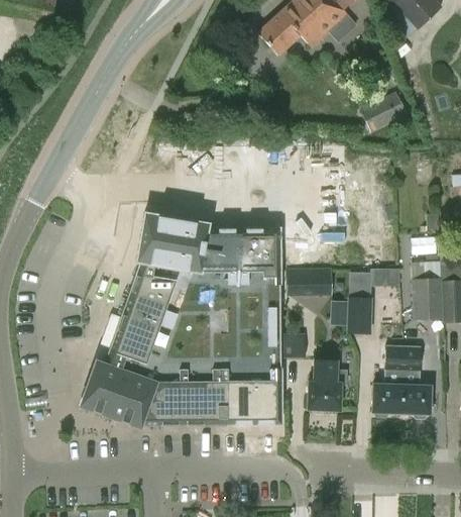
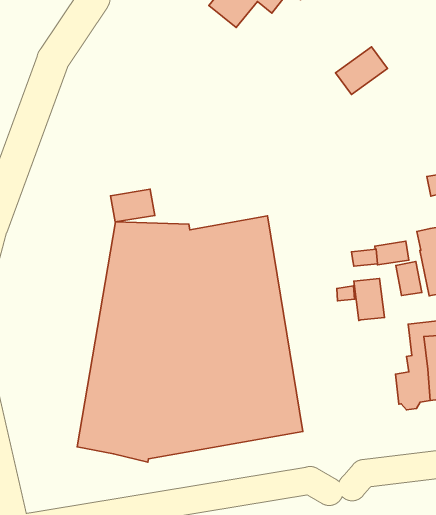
building: none -> [111,189,155,222]
building: [287,267,332,294] -> none
building: [282,333,305,356] -> none
building: [308,359,341,411] -> none

